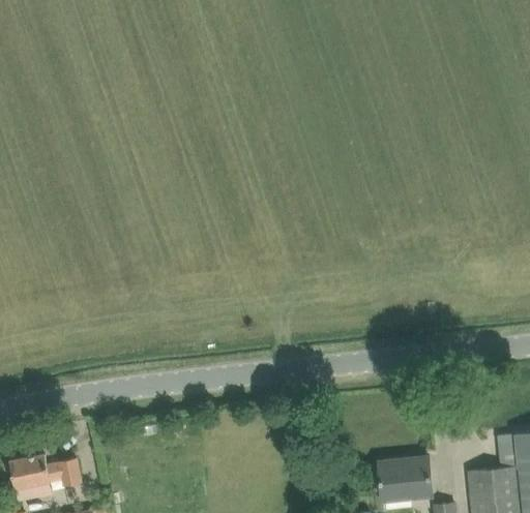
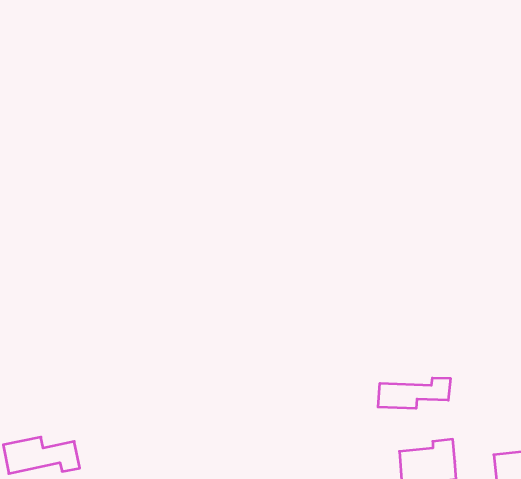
building: none -> [378,378,450,408]

